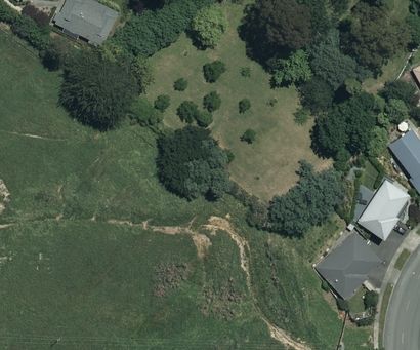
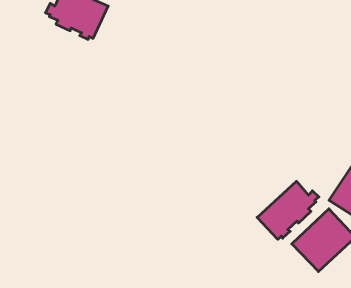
building: none -> [257,181,319,239]

